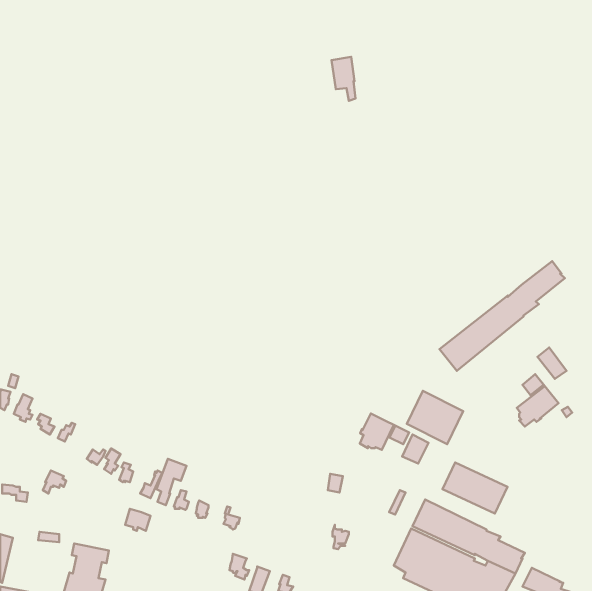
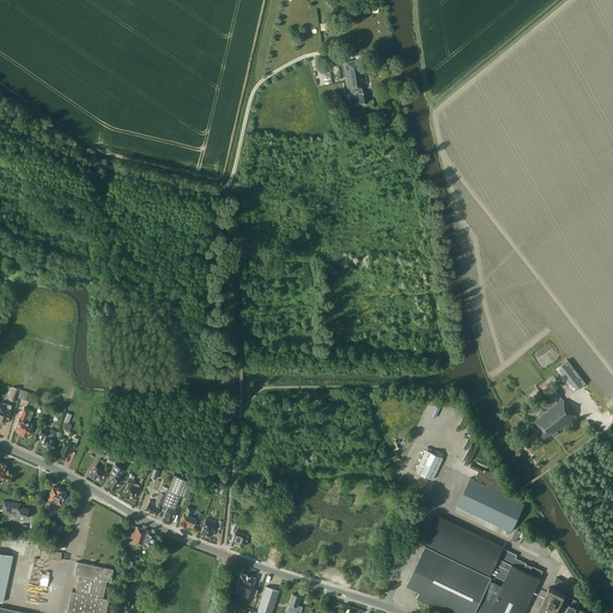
building: [439,261,565,371] -> none
building: [407,391,463,444] -> none
building: [360,414,409,450] -> none

